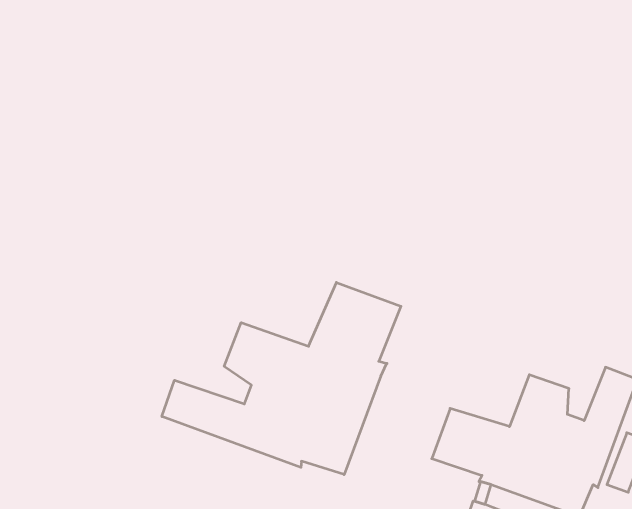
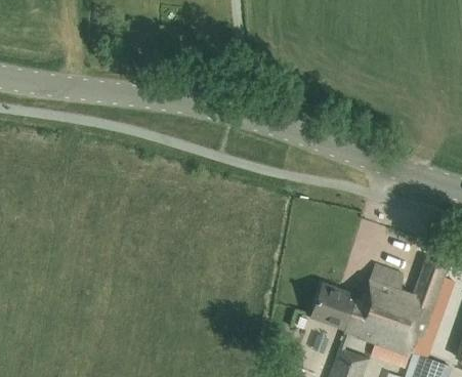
building: [162,282,401,475] -> none

